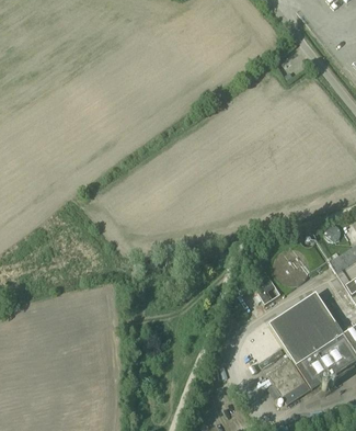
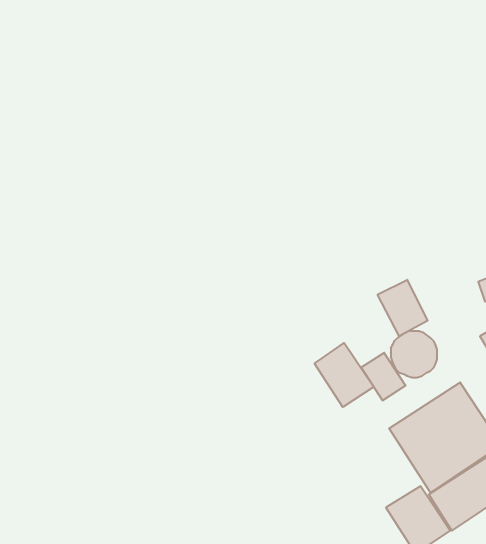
building: none -> [378,280,428,336]
building: none -> [315,343,374,407]

